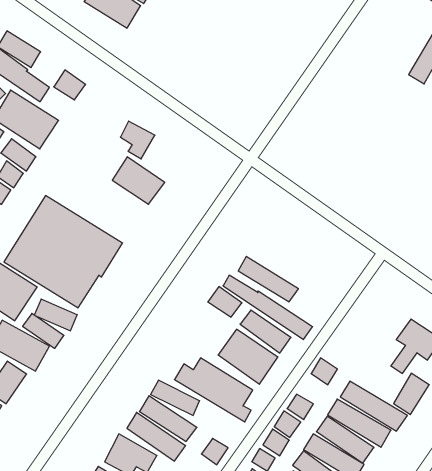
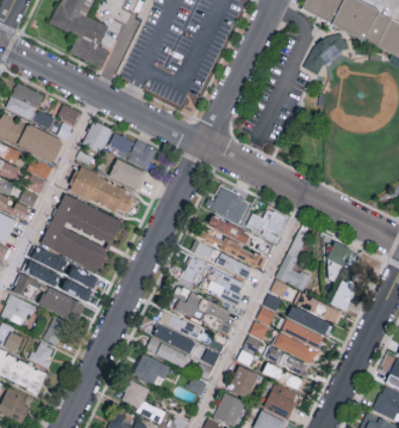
building: none -> [82,120,112,153]
building: none -> [126,139,157,170]
building: none -> [68,167,134,213]
building: none -> [211,188,250,223]
building: none -> [245,209,287,242]
building: none -> [277,228,309,290]
building: none -> [181,258,205,286]

